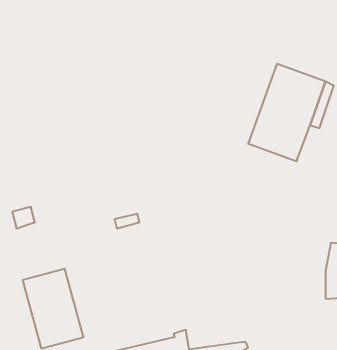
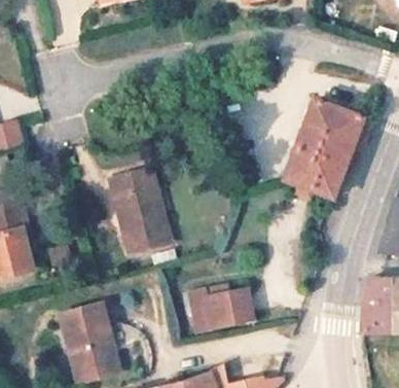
building: none -> [110,172,172,253]
building: none -> [189,289,252,327]

